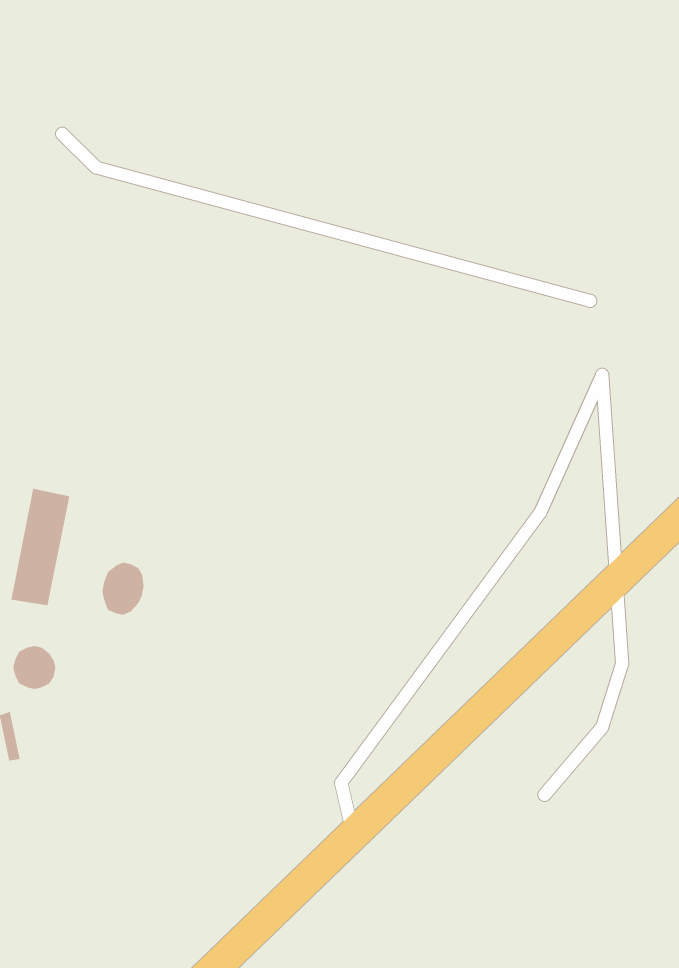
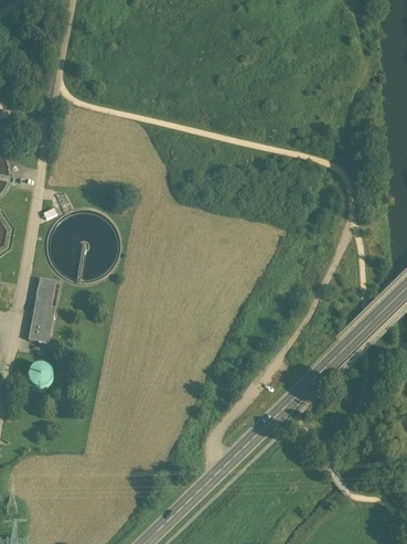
building: [102,562,144,615] -> none

